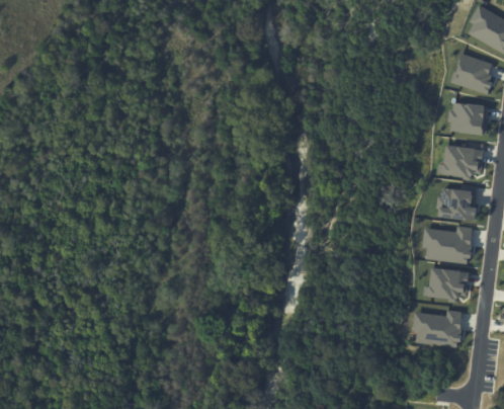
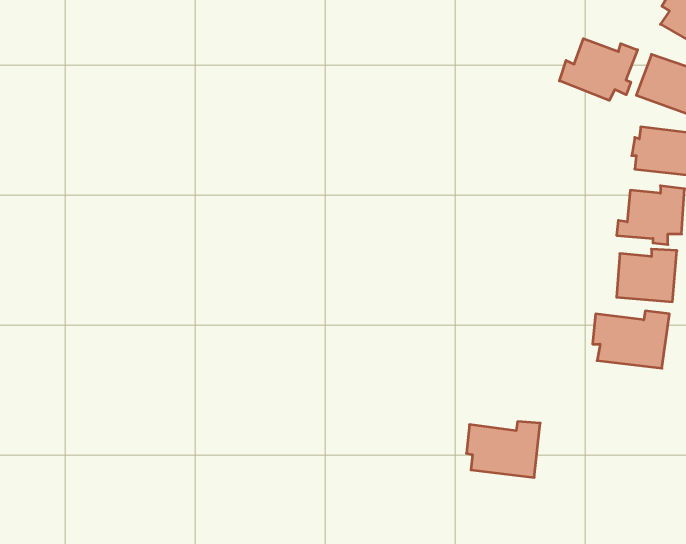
building: none -> [559,39,638,100]
building: [427,267,470,301] -> none
building: [413,310,463,347] -> [466,422,540,477]

